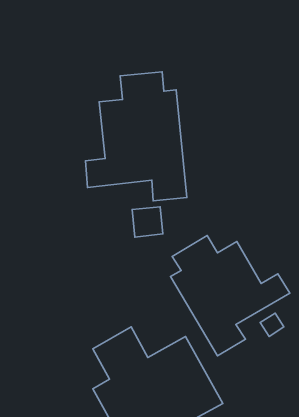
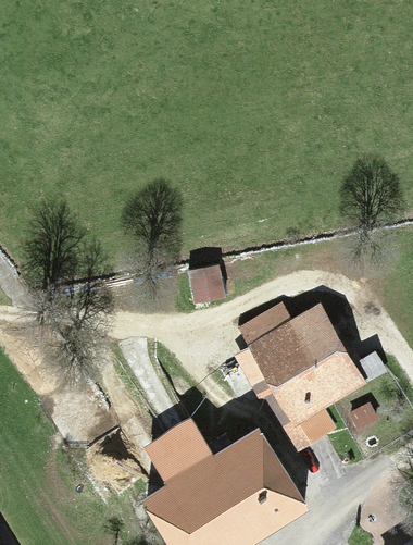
building: [85,72,187,201] -> none

